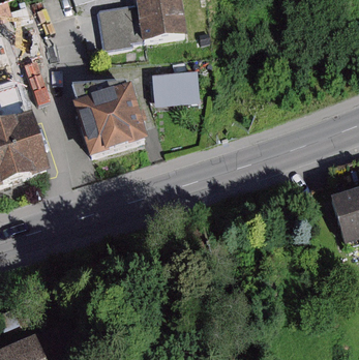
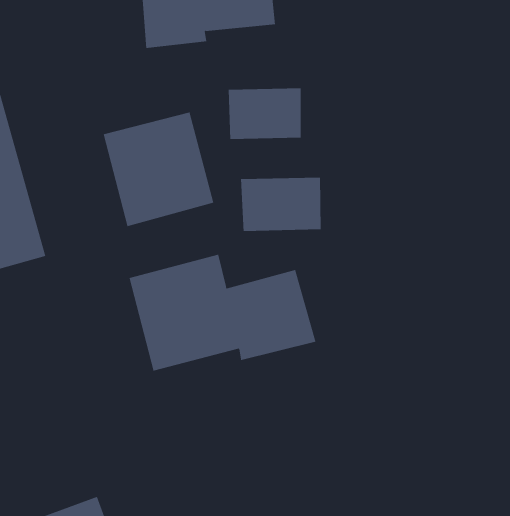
building: none -> [241,177,321,232]
building: none -> [129,254,316,372]

